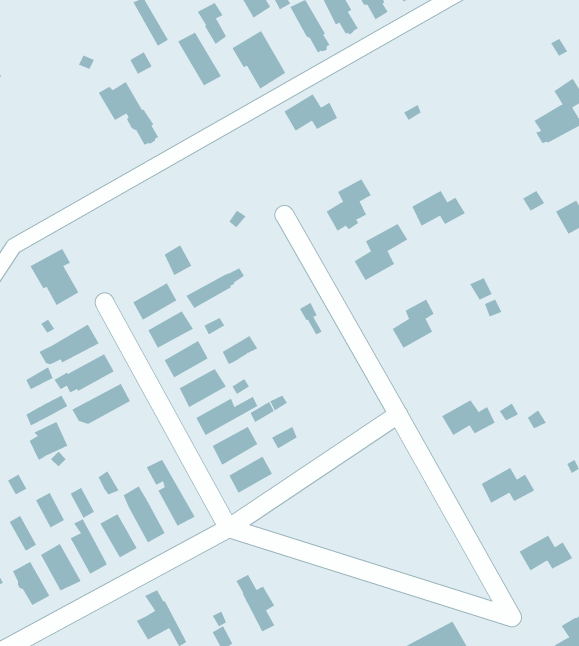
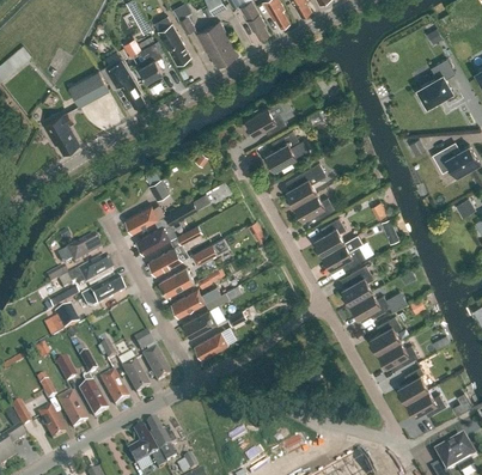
building: none -> [139,44,163,83]
building: [284,93,338,131] -> [245,108,285,135]
building: none -> [69,72,110,106]
building: [411,190,466,226] -> [294,194,334,220]
building: [30,248,79,306] -> [44,112,80,154]
building: none -> [322,235,365,269]
building: none -> [341,266,372,304]
building: none -> [370,317,401,353]
building: none -> [397,367,427,402]
building: [235,574,275,632] -> [147,422,176,464]

